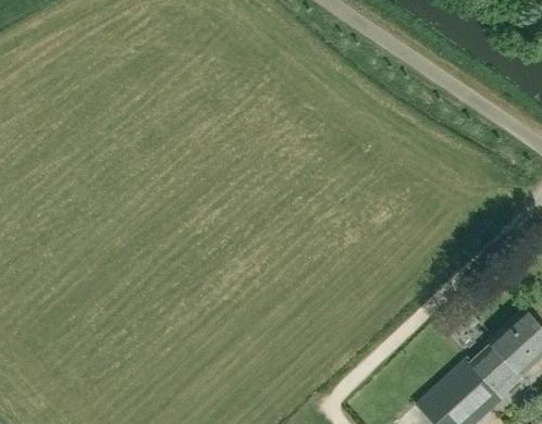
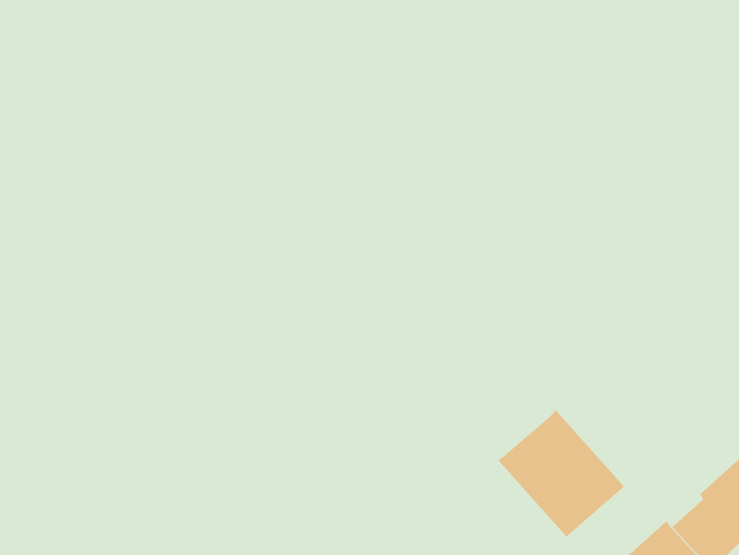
building: none -> [498,409,625,538]

